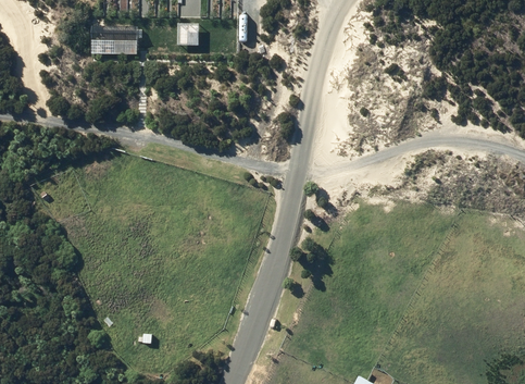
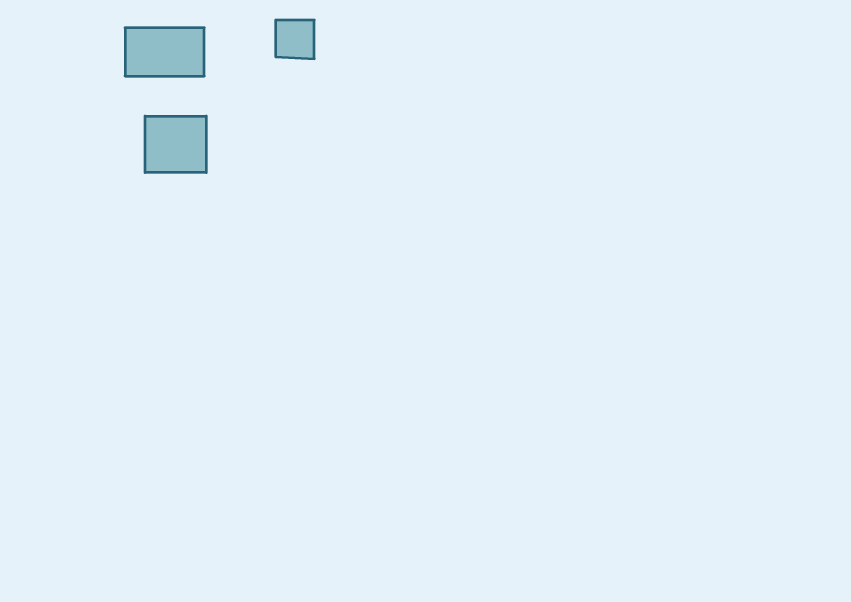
building: none -> [145,116,206,173]

